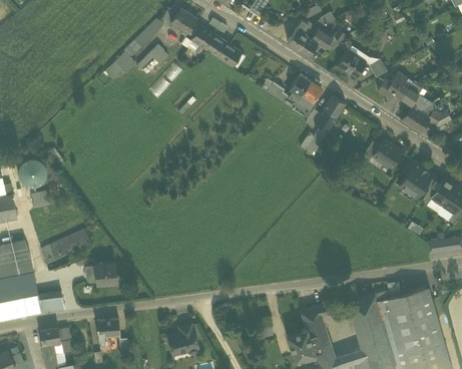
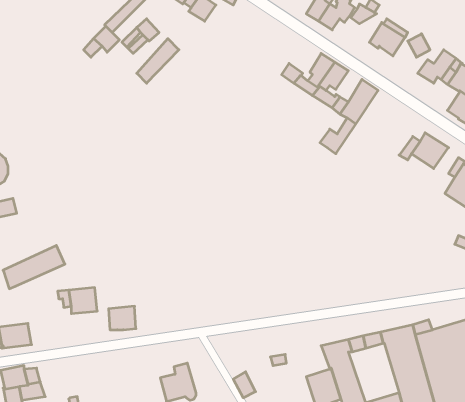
building: [205,35,242,66] -> none
building: [98,319,120,338] -> [109,306,136,330]

